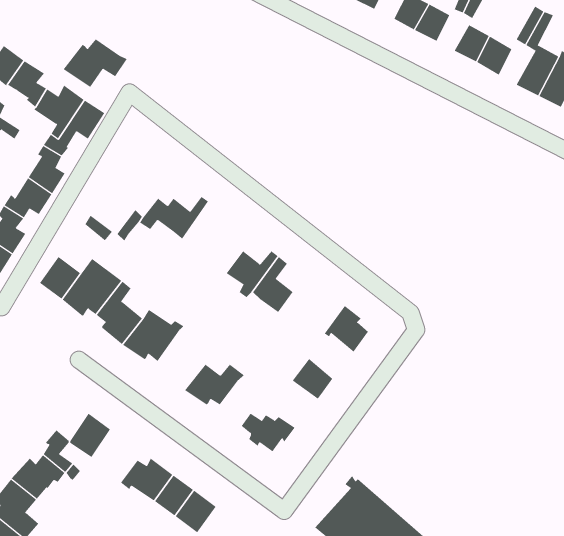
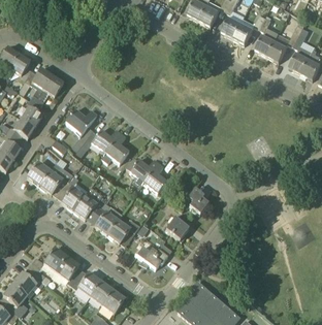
building: [63,39,128,88] -> none
building: none -> [65,108,97,133]
building: none -> [101,131,128,163]
building: none -> [92,201,122,234]
building: none -> [56,256,81,285]

